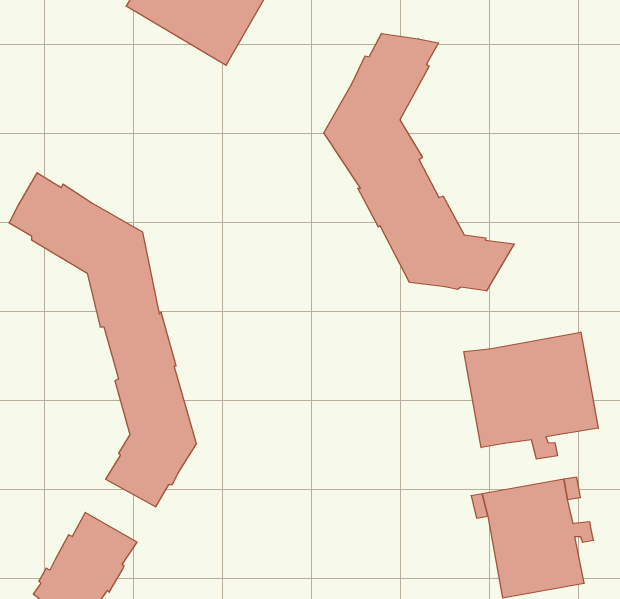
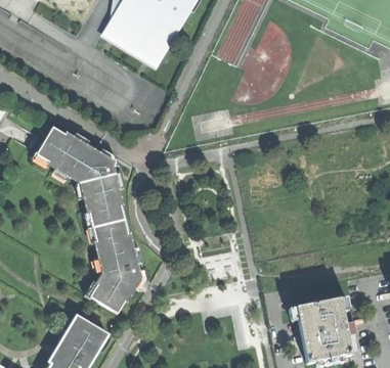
building: [324,33,514,291] -> none
building: [464,332,598,459] -> none

